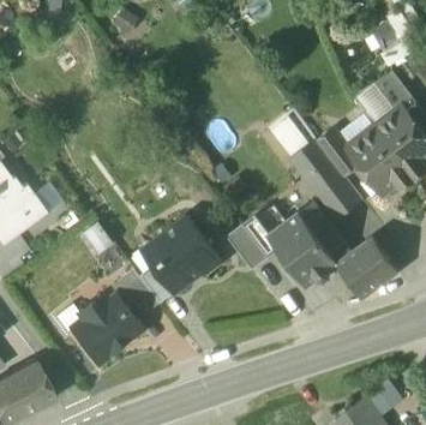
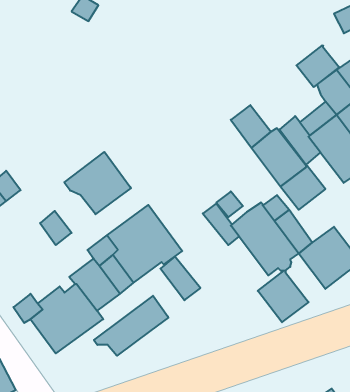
building: none -> [296,45,339,87]
building: none -> [64,152,131,214]
building: [227,225,266,268] -> [160,256,200,300]
building: none -> [258,271,309,322]
building: none -> [94,296,168,356]

